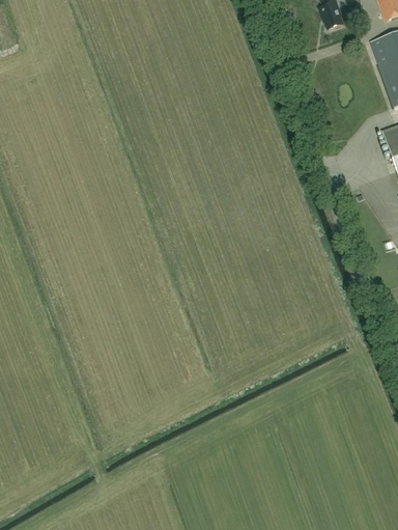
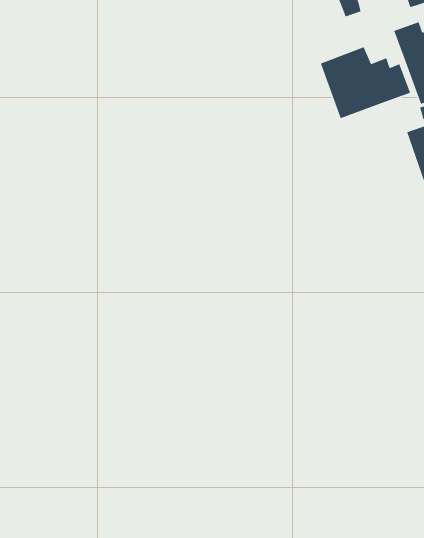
building: none -> [320,46,411,119]

